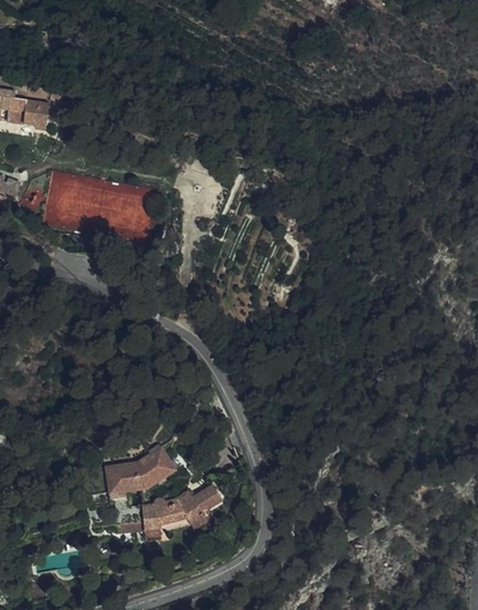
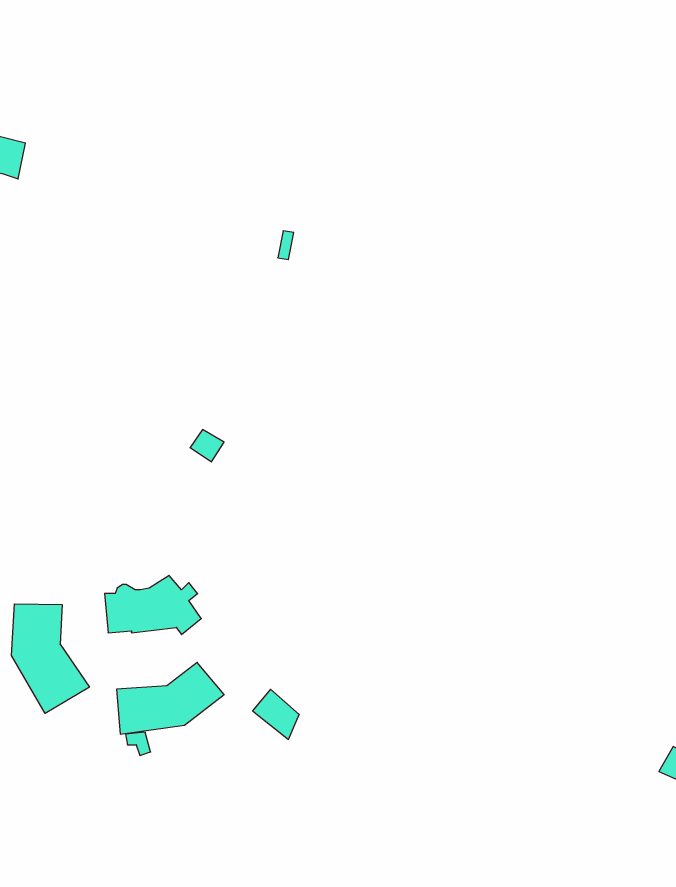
building: none -> [12,604,89,713]
building: [144,493,208,532] -> [105,575,201,635]

